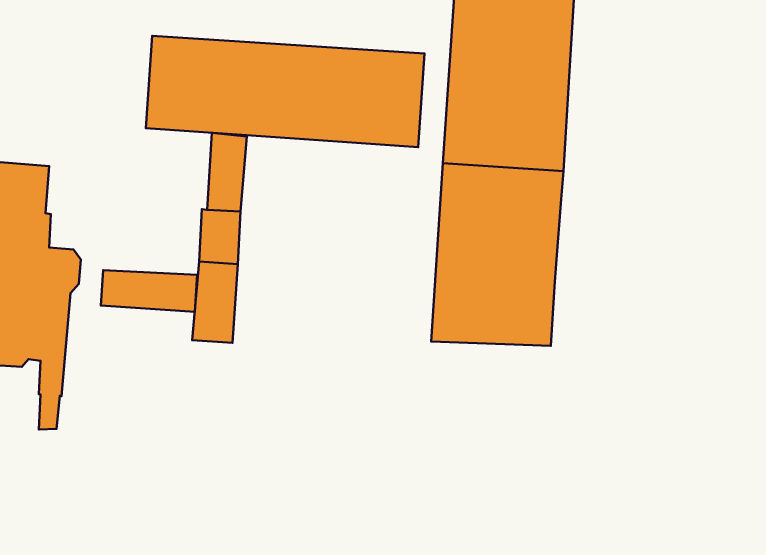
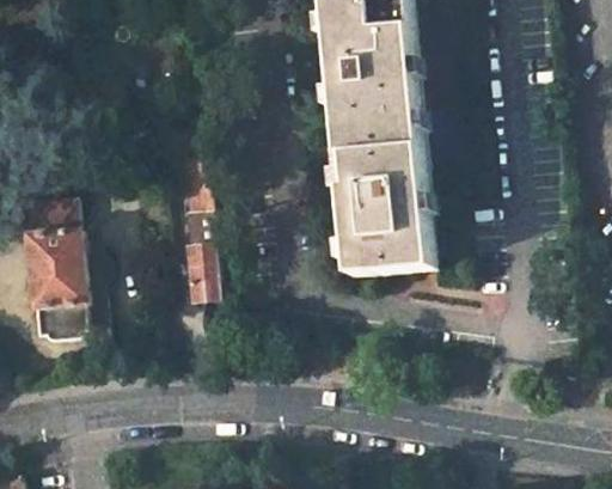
building: [146,36,424,147] -> none
building: [101,270,197,312] -> none

